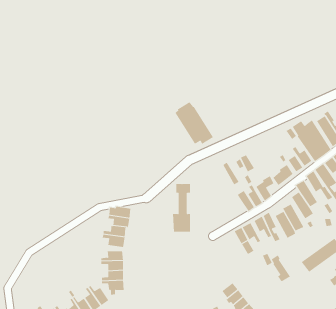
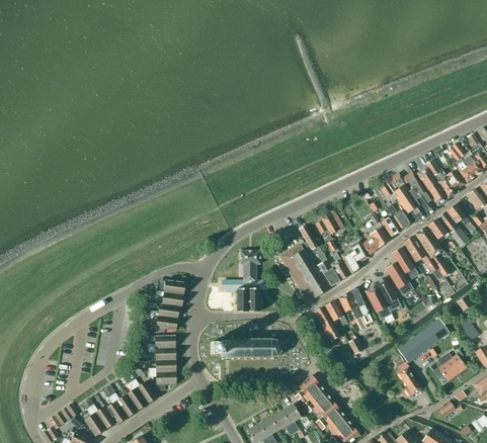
building: [174,101,214,144] -> [279,244,329,297]
building: none -> [210,338,280,360]
building: [271,254,291,282] -> [396,362,421,396]

